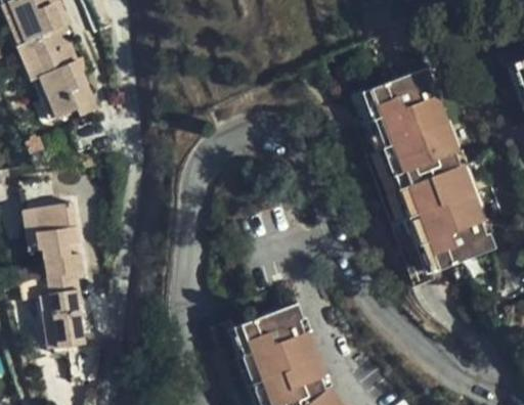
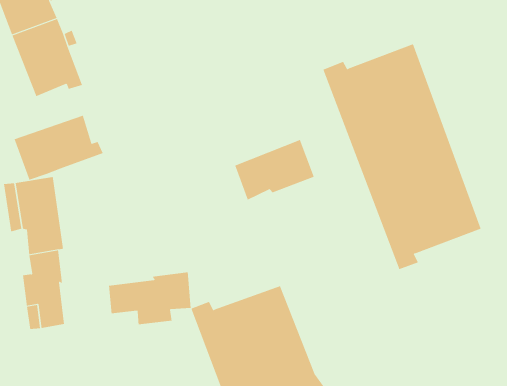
building: none -> [14,115,104,180]
building: none -> [235,139,315,200]
building: none -> [109,272,191,325]

